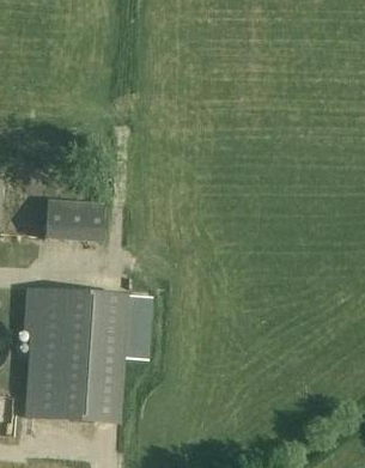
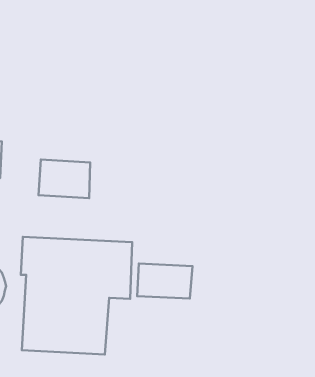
building: none -> [137,264,193,298]

